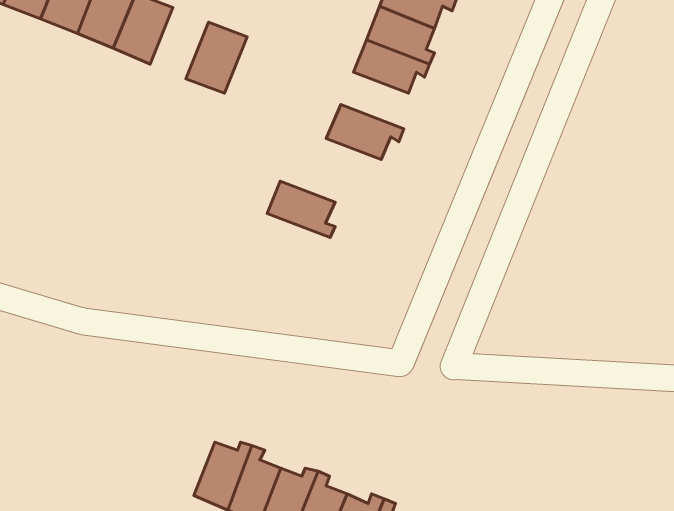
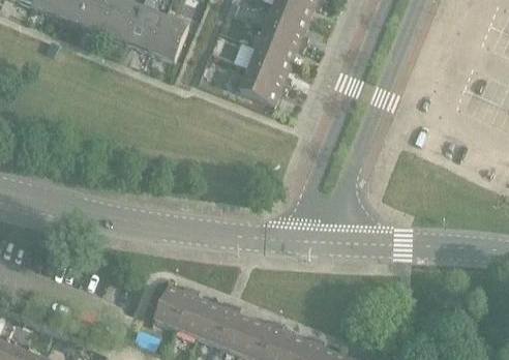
building: none -> [123,6,160,52]
building: [267,181,335,238] -> [245,48,289,84]

